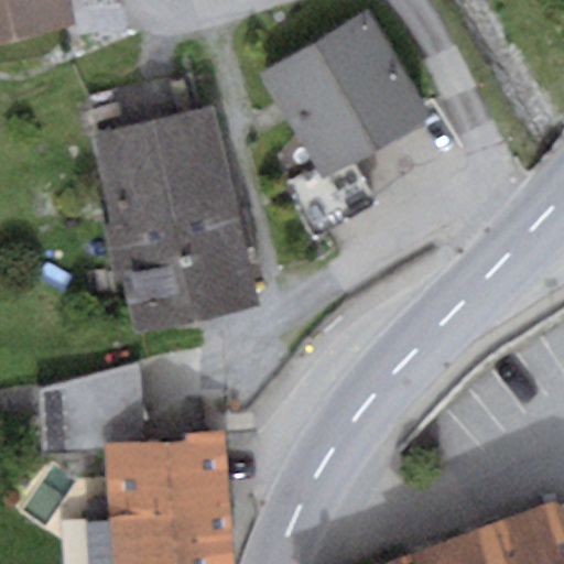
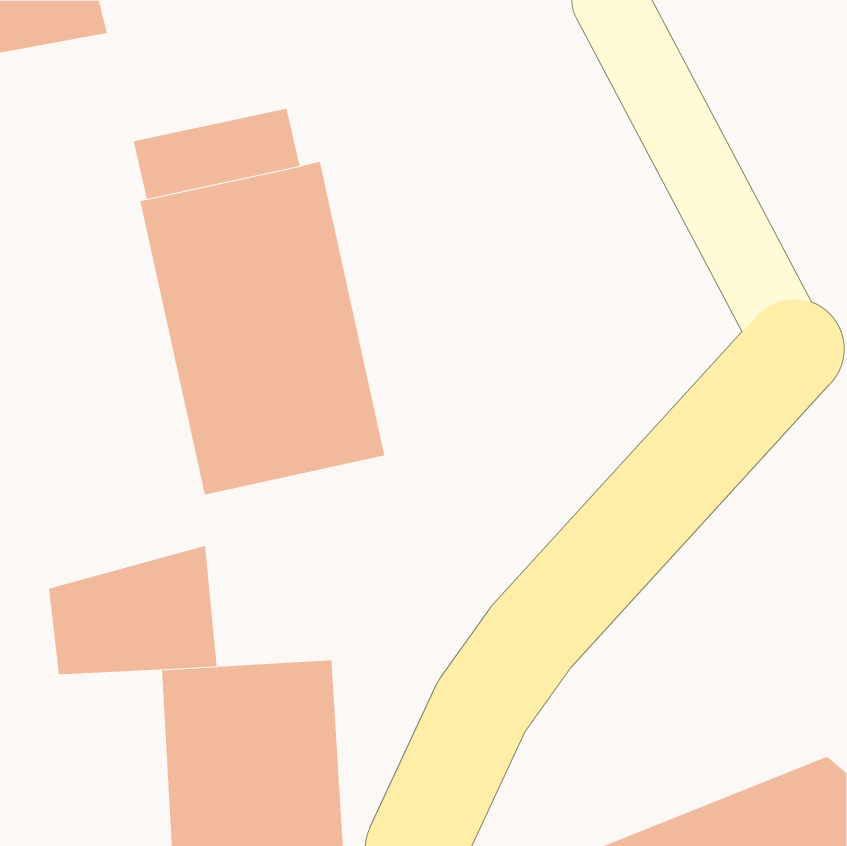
building: [258,11,432,237] -> none

